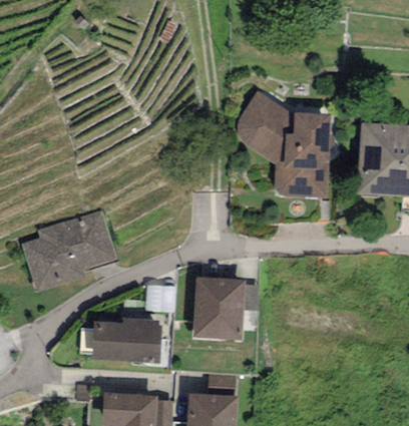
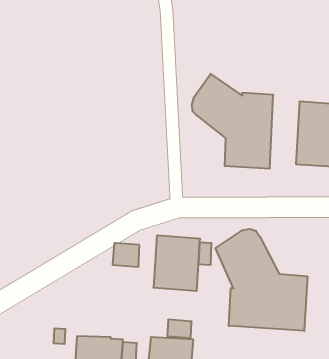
building: [21,210,118,294] -> none
building: none -> [216,229,307,331]
building: [92,319,162,364] -> none

